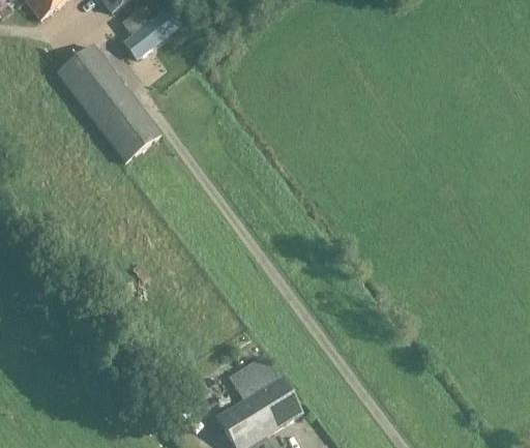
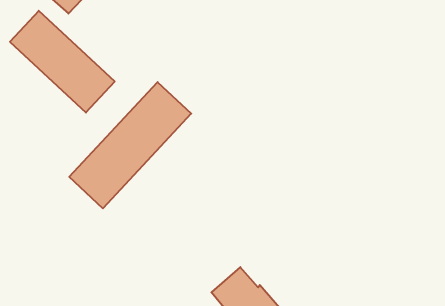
building: none -> [69,82,191,208]

